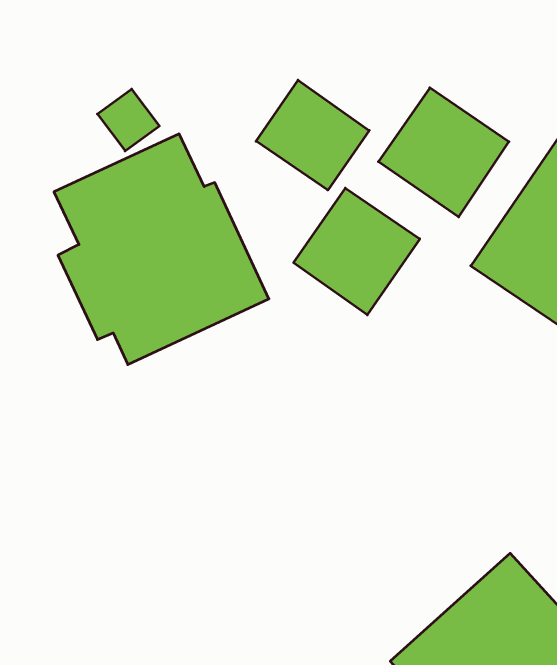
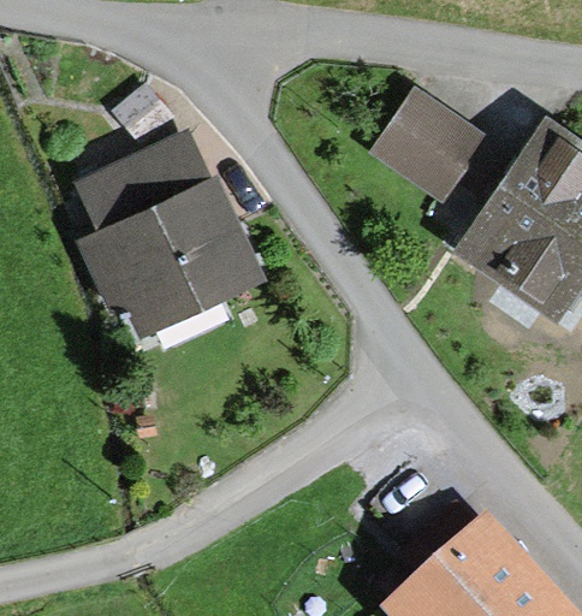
building: [256,80,369,190] -> none
building: [294,188,420,315] -> none

